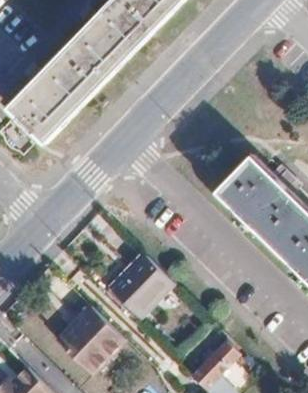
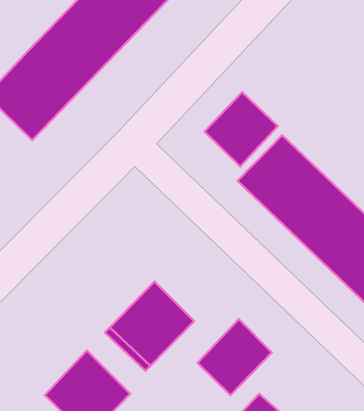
building: none -> [205,92,278,167]
building: none -> [197,319,272,395]

